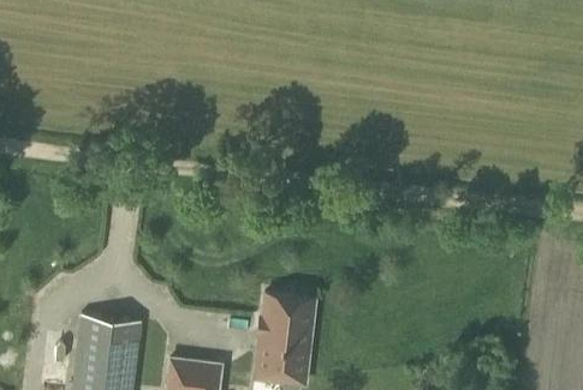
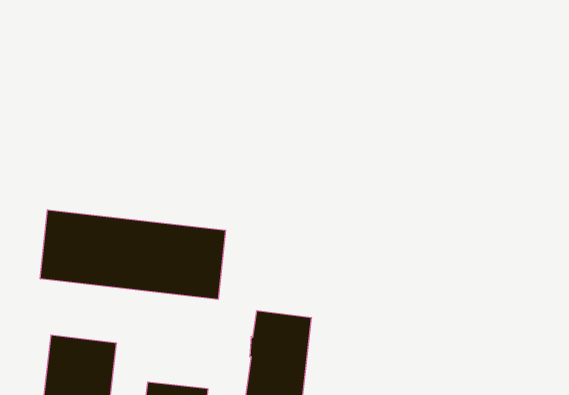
building: none -> [40,210,226,299]

